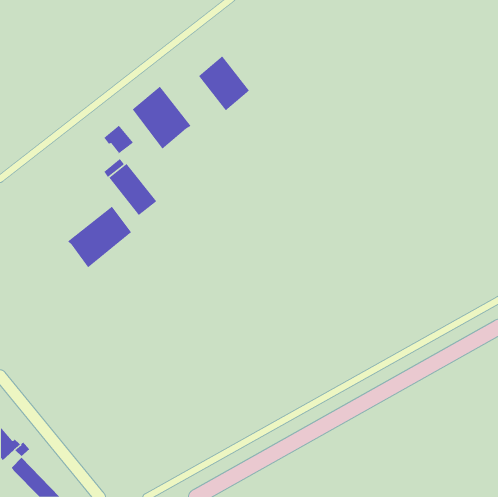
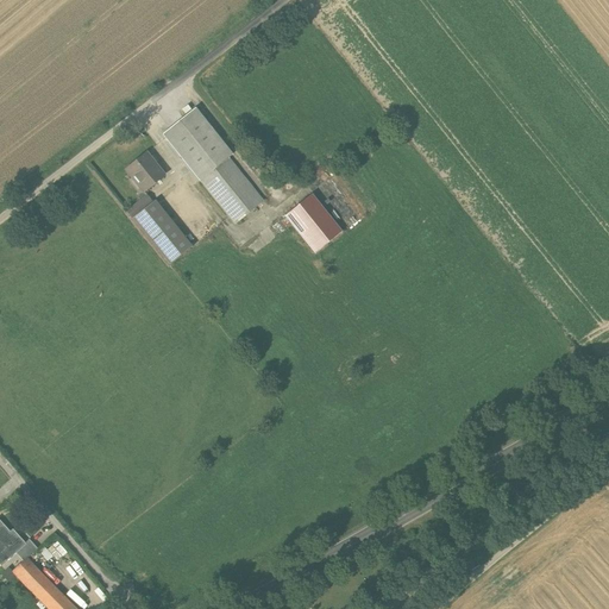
building: [198,55,250,111] -> [199,157,262,225]
building: none -> [285,192,343,250]
building: [67,206,132,268] -> none

